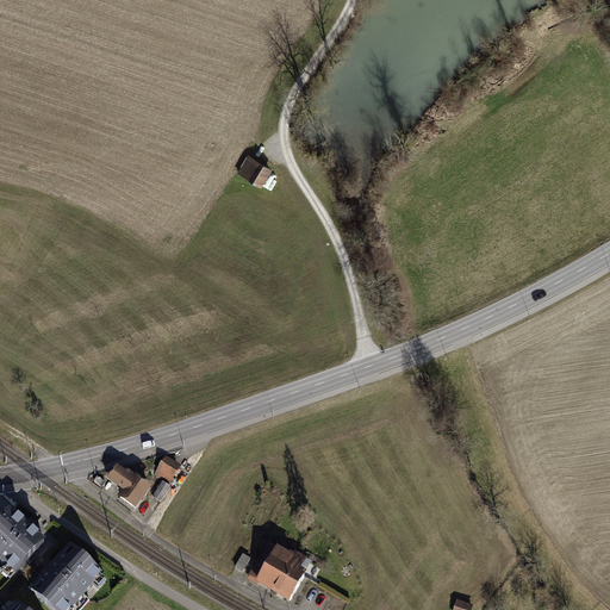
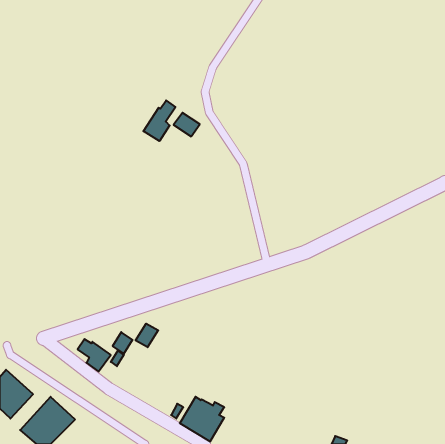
building: none -> [143,100,175,141]
building: none -> [136,324,158,347]

